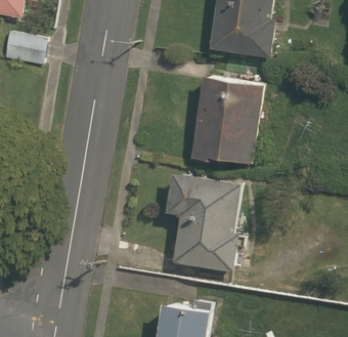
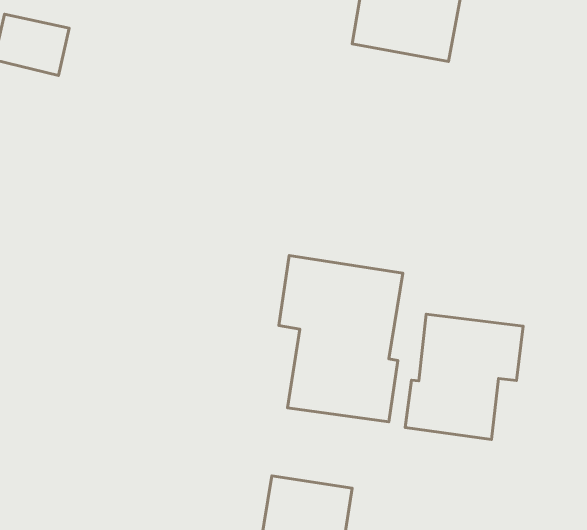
building: [190,76,262,163] -> none
building: none -> [405,314,523,439]

